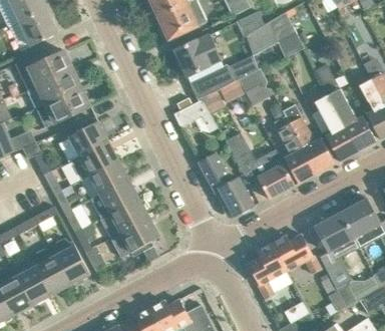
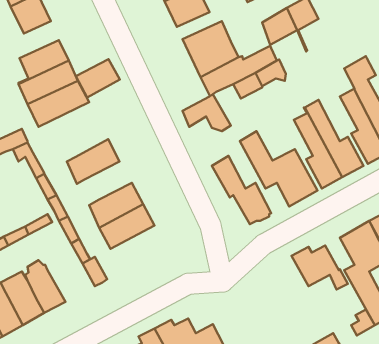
building: [68,121,107,155] -> [76,59,120,97]
building: [89,159,128,194] -> none
building: [109,217,159,263] -> none
building: [51,238,90,285] -> none
building: [247,244,292,299] -> none

